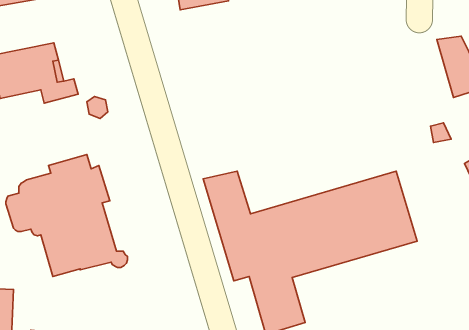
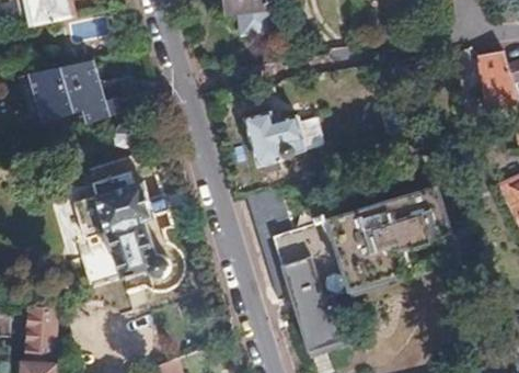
building: none -> [253,108,315,170]

